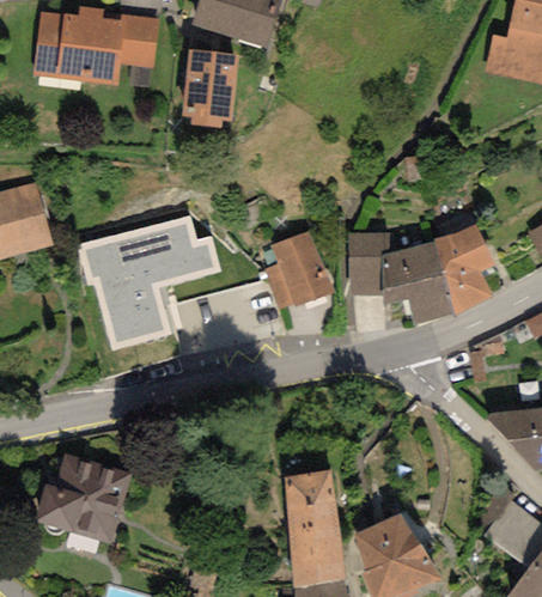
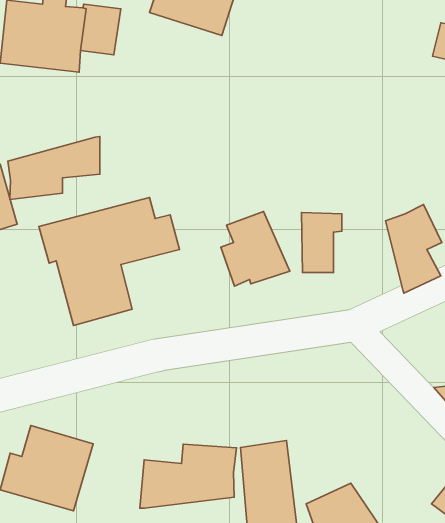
building: [182,49,239,127] -> none
building: none -> [8,136,100,199]
building: [382,240,453,327] -> none
building: none -> [140,444,236,508]

